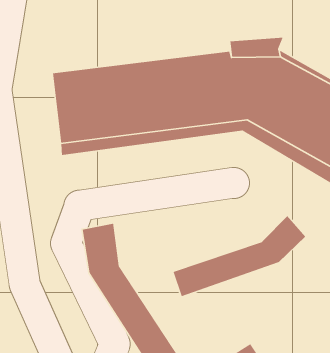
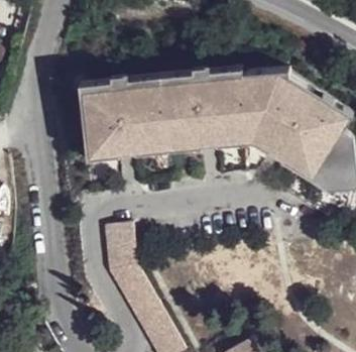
building: [172,215,306,297] -> none

